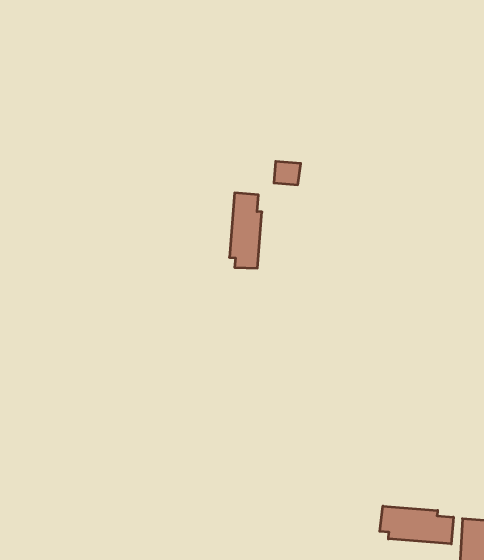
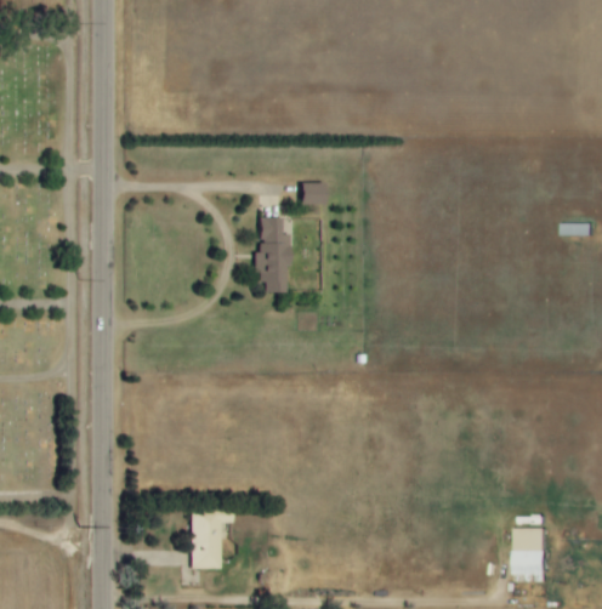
building: none -> [192,511,233,570]
building: [380,506,453,544] -> none

